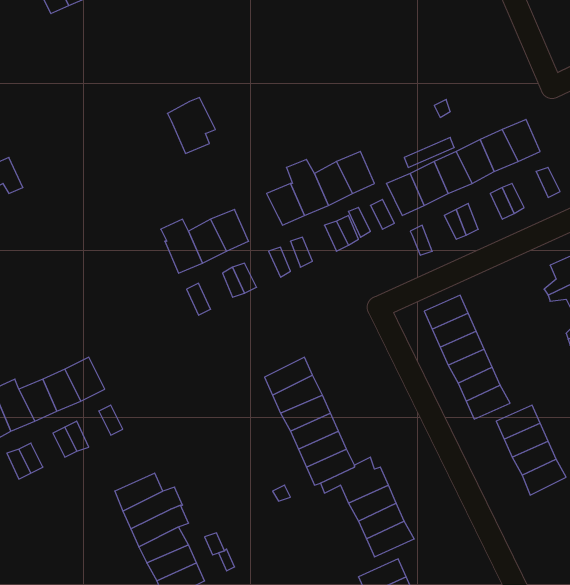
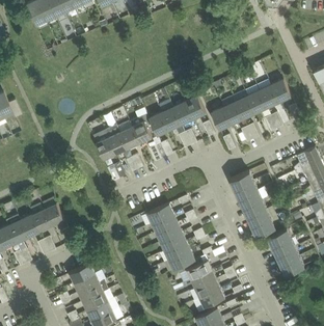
building: [167,98,215,153] -> [130,114,155,143]

